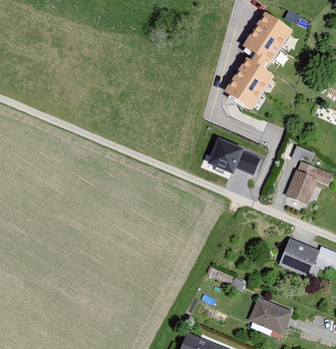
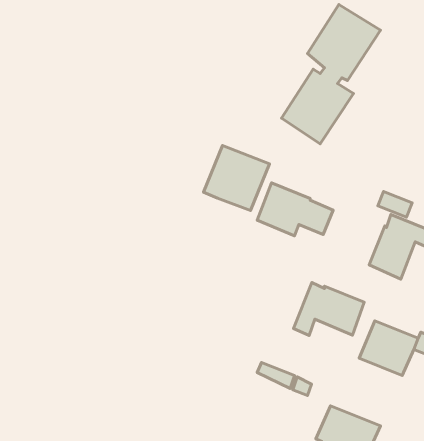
building: none -> [203,146,270,211]
building: none -> [293,282,364,336]

